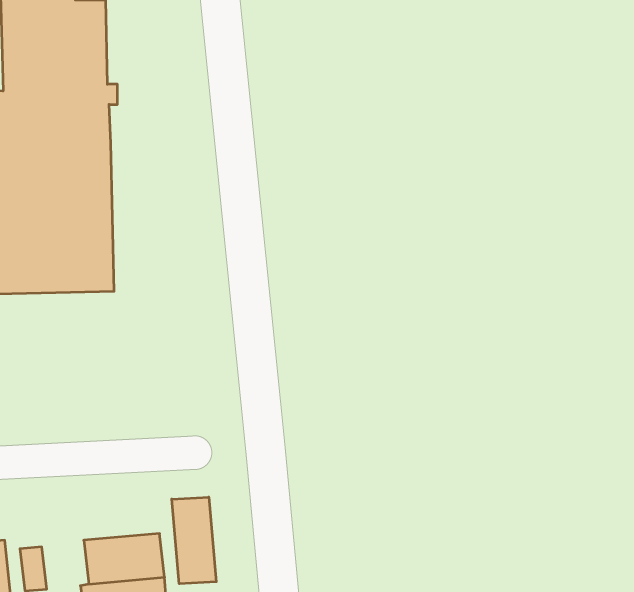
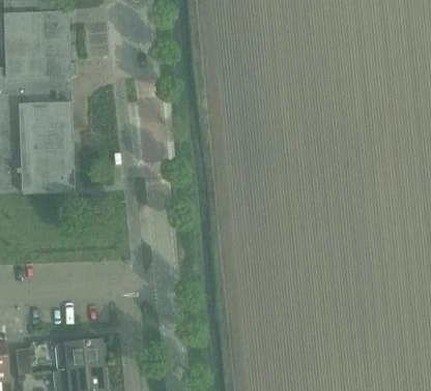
building: [172,497,216,584] -> none

